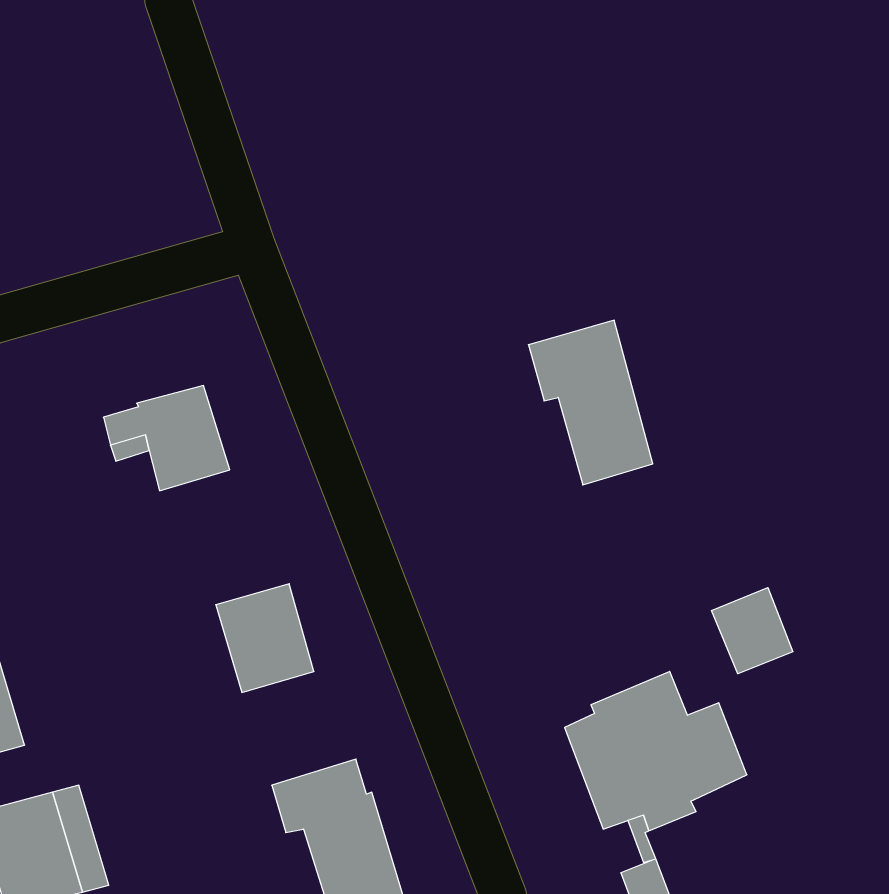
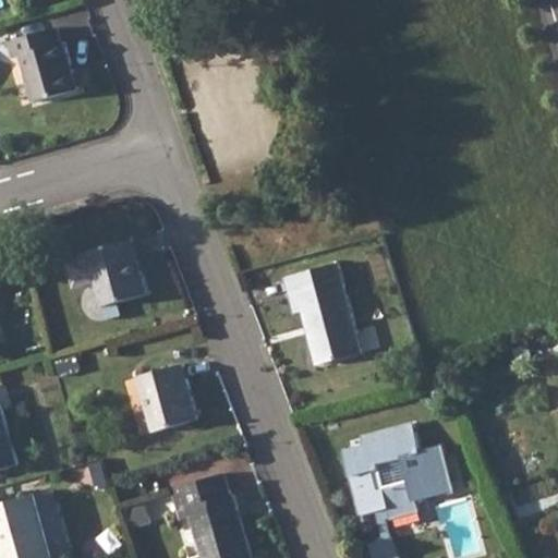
building: none -> [5,28,76,104]
building: [528,320,653,485] -> [282,263,360,365]
building: [712,588,793,674] -> none

